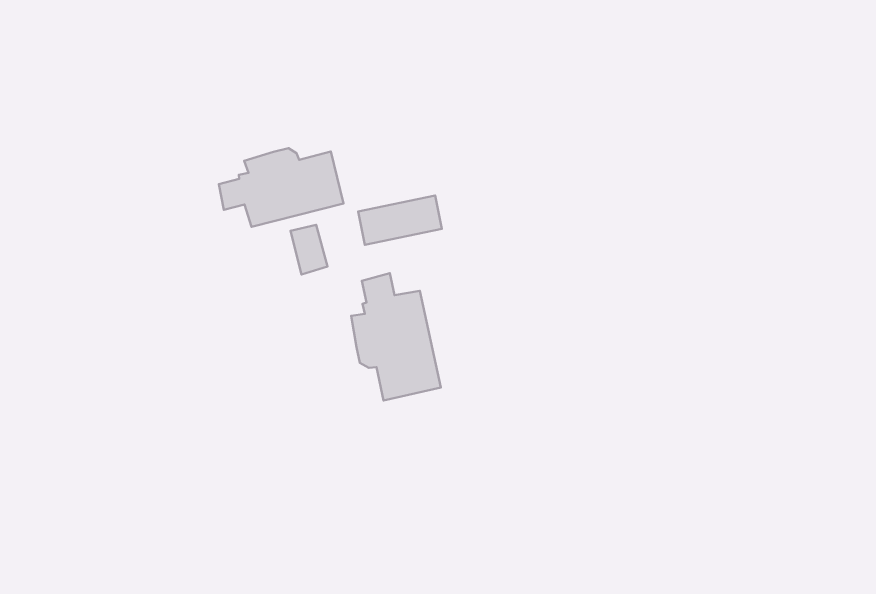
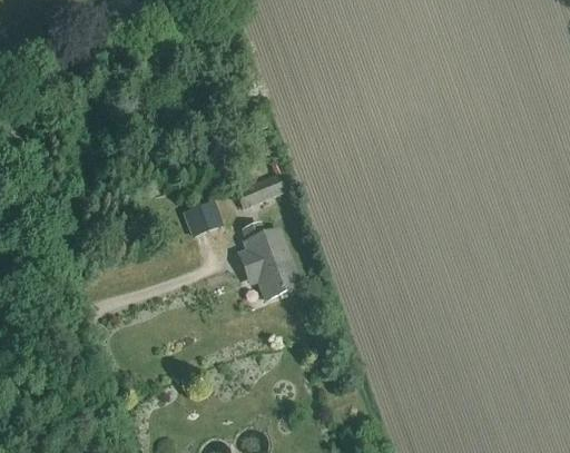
building: [219,148,343,227] -> none

